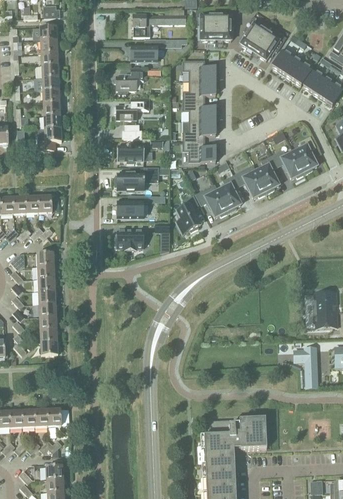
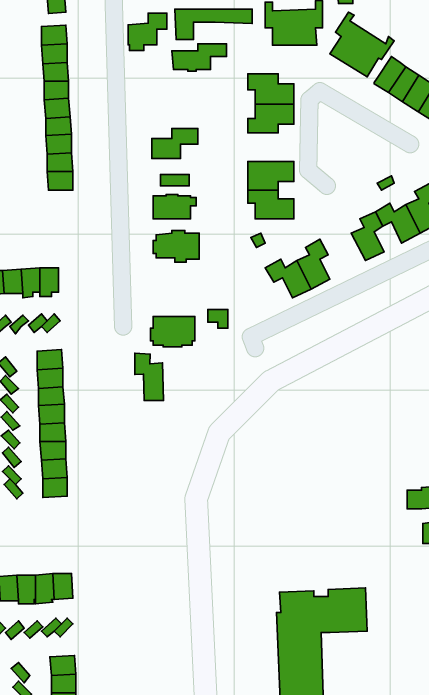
building: [116,67,143,93] -> [128,13,167,51]
building: [183,100,215,120] -> none
building: [233,169,265,196] -> none
building: [117,194,147,217] -> none
building: [176,194,199,231] -> none
building: none -> [135,353,163,401]

